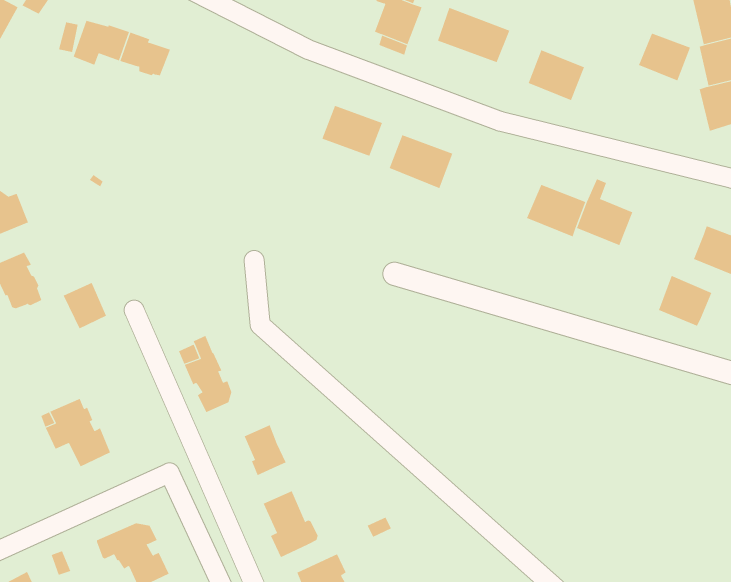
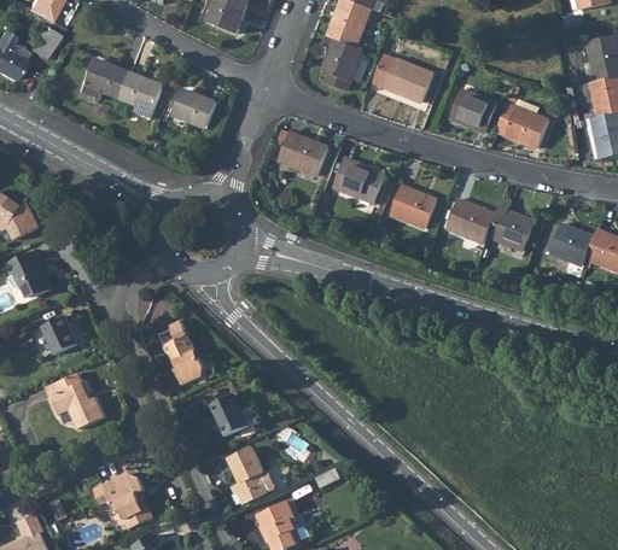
building: [638,33,691,81] -> [503,104,547,144]
building: none -> [171,94,215,129]
building: none -> [392,182,438,223]
building: [658,275,712,326] -> [548,223,593,265]
building: [63,282,107,329] -> [40,316,76,355]

